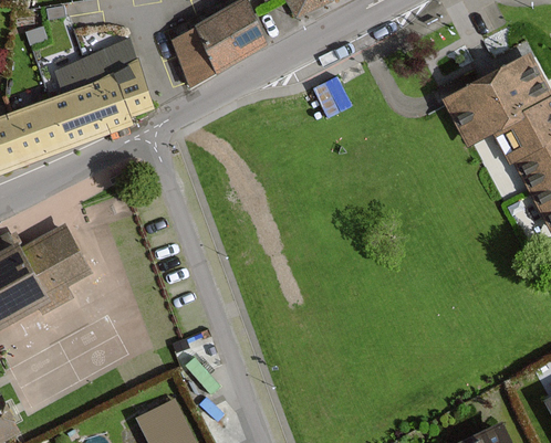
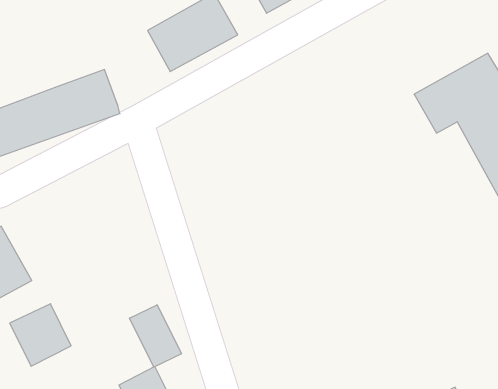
building: [61,42,156,115] -> none
building: [24,226,91,294] -> [10,304,71,366]
building: none -> [129,305,182,367]

